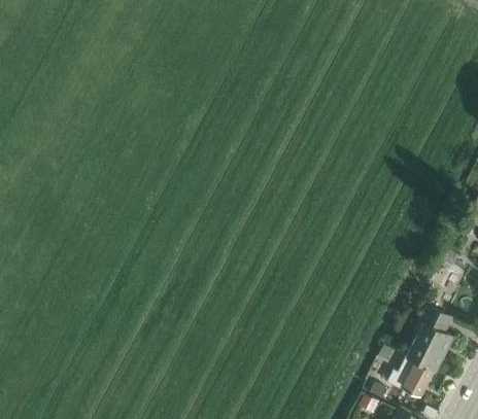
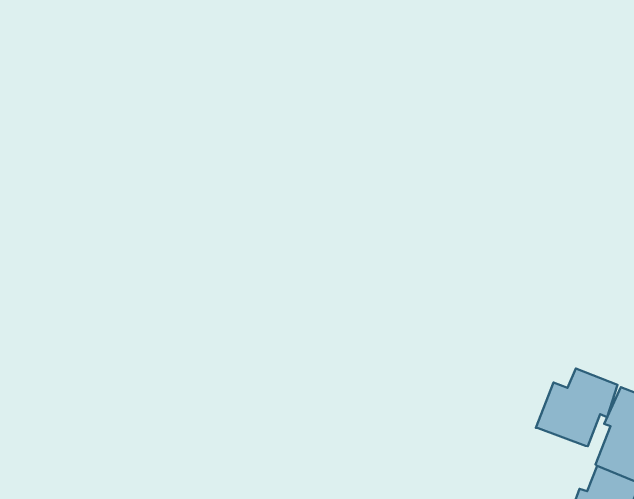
building: none -> [536,369,617,446]

